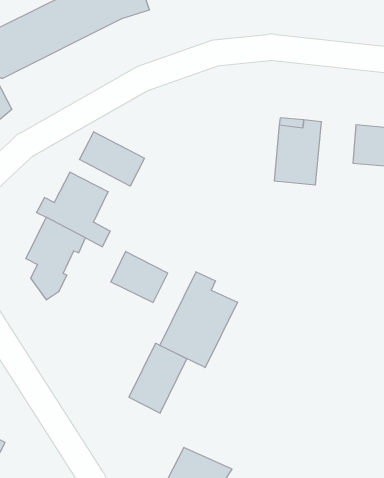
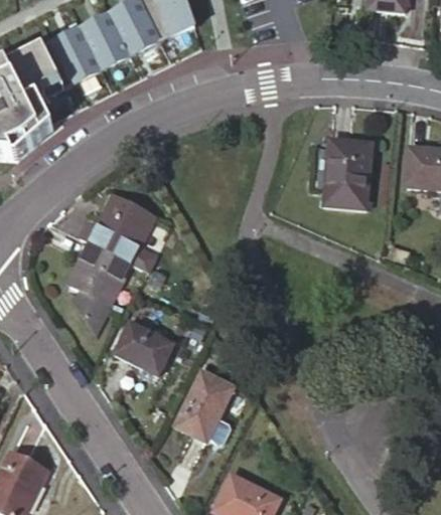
building: [80,132,144,186] -> none
building: [111,251,168,303] -> [115,320,173,372]
building: [160,272,238,368] -> none

